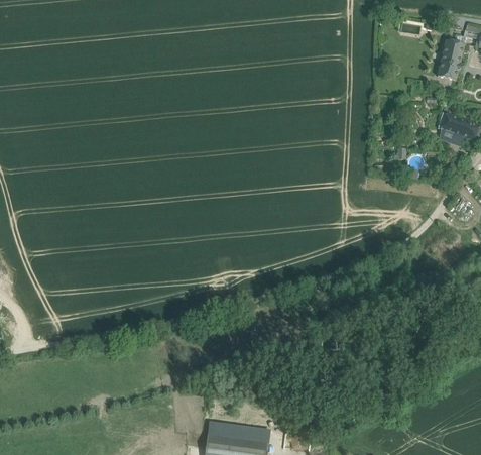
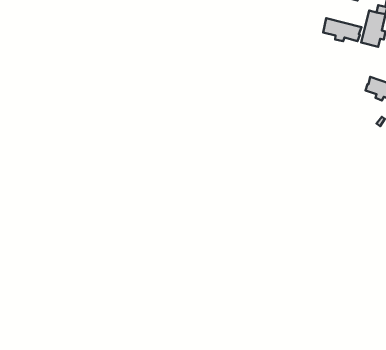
building: none -> [323,18,361,41]

